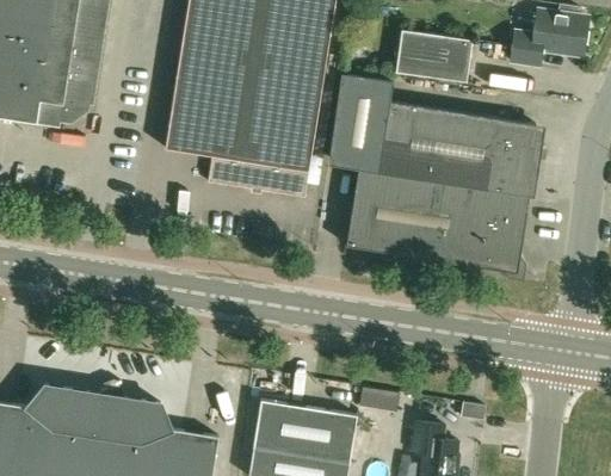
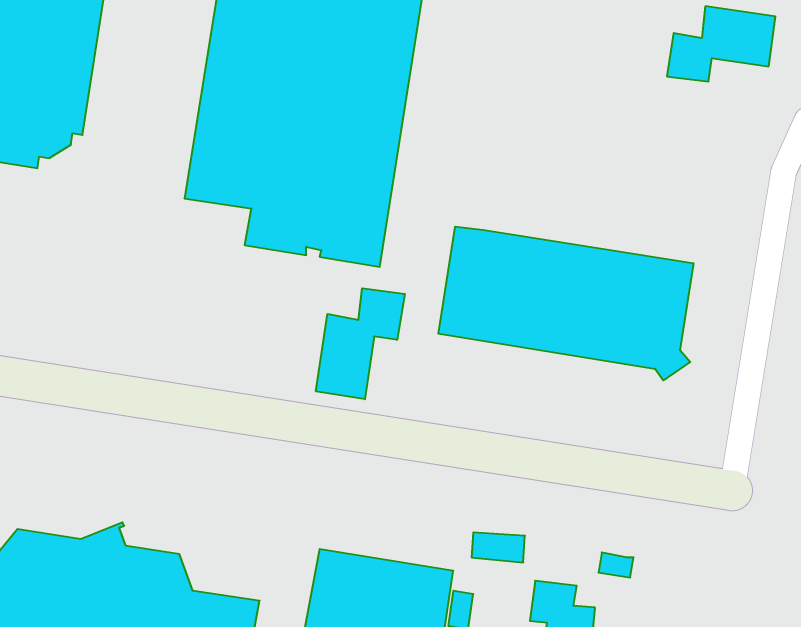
building: [389,29,473,81] -> none
building: [329,73,542,197] -> none
building: none -> [316,288,405,399]

